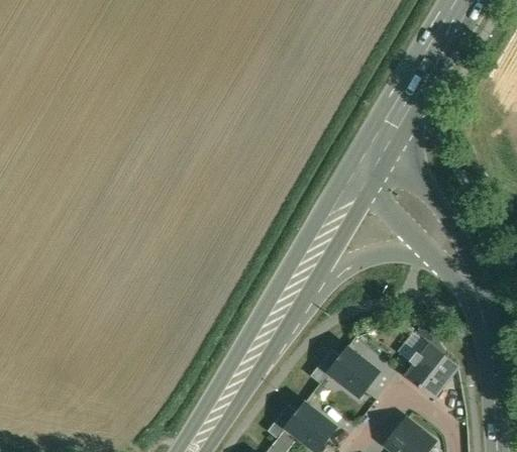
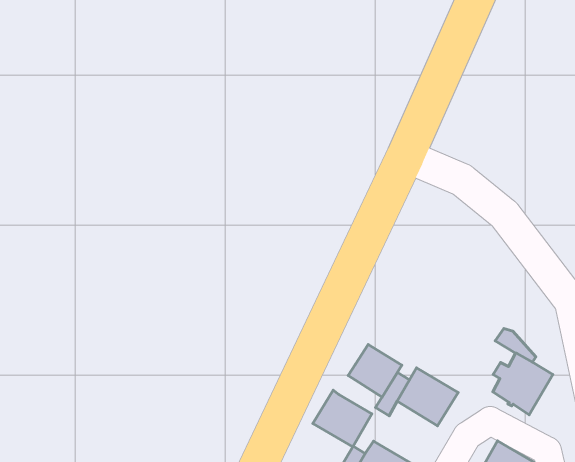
building: none -> [348,344,402,397]
building: none -> [313,390,372,447]

